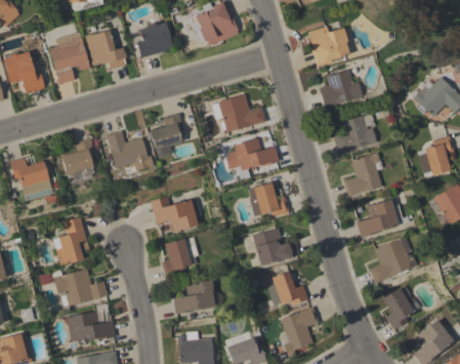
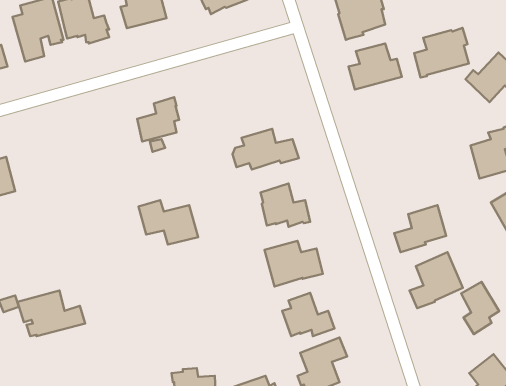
building: [212,94,265,132] -> none
building: [333,114,377,154] -> [414,28,469,77]
building: [106,130,150,172] -> none
building: [61,138,94,174] -> none
building: [344,153,382,197] -> none
building: [53,217,87,267] -> none
building: [162,238,199,278] -> none
building: [173,280,214,314] -> none
building: [383,288,414,330] -> [461,282,499,334]
building: [68,304,116,341] -> none

